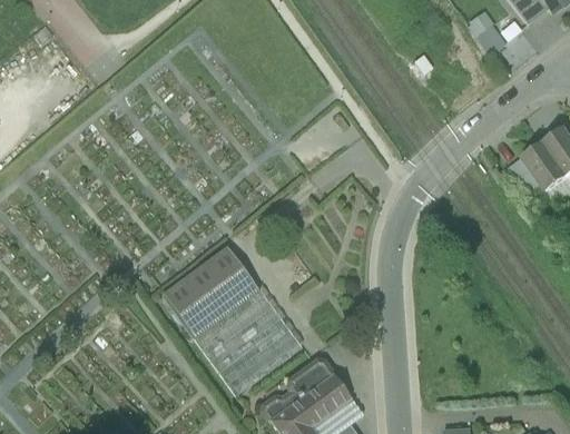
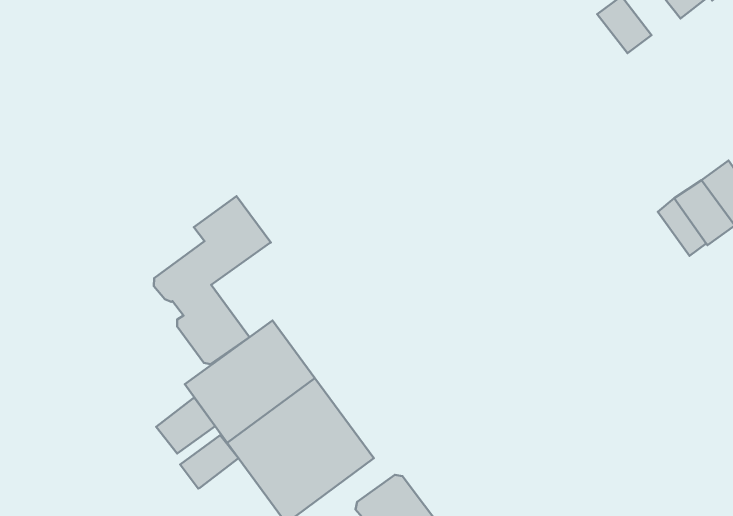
building: none -> [154,196,271,364]
building: none -> [156,398,215,454]
building: none -> [180,435,238,489]

